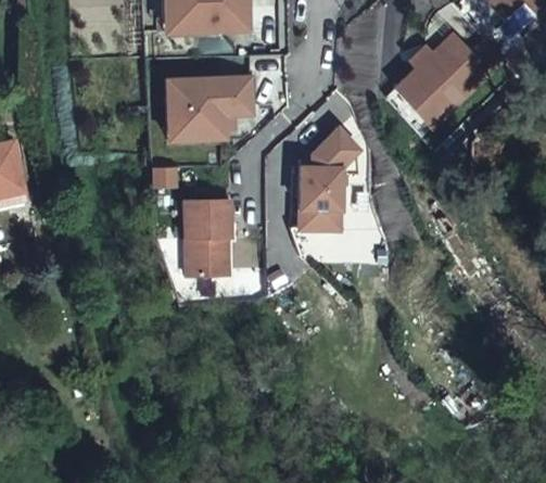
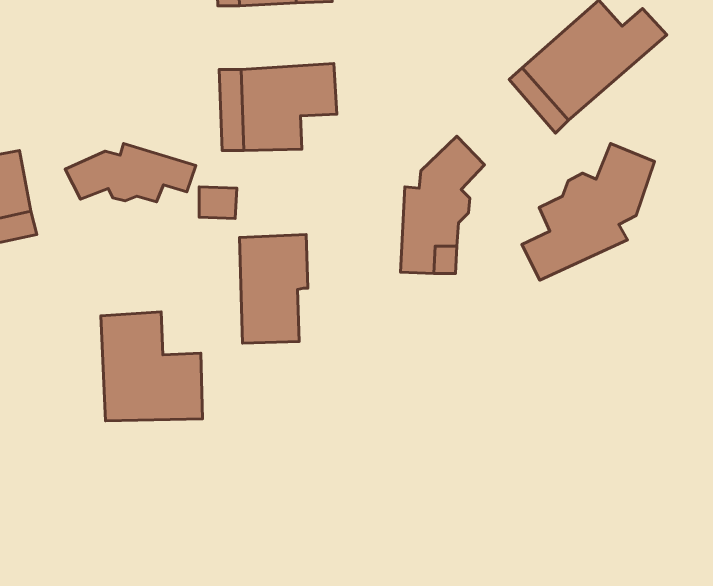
building: none -> [522,143,655,280]
building: none -> [65,144,196,202]
building: none -> [101,312,203,421]

